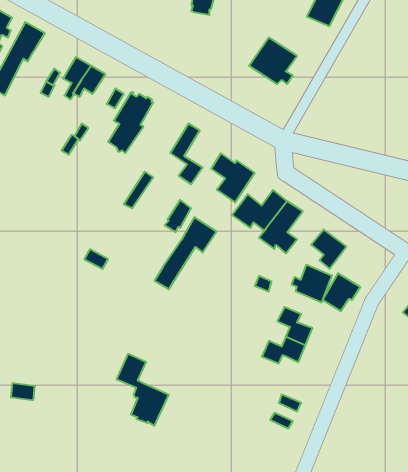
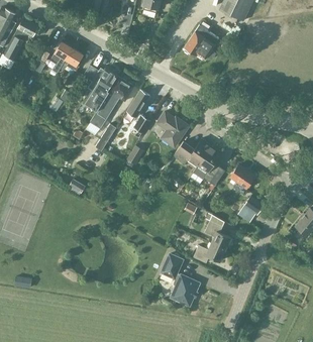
building: [155,217,217,289] -> [90,76,134,127]
building: [292,265,332,303] -> none
building: [117,354,169,426] -> [162,253,199,305]

